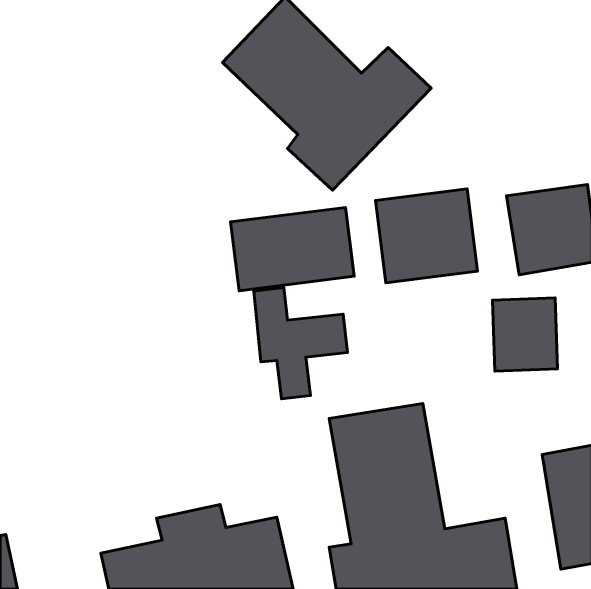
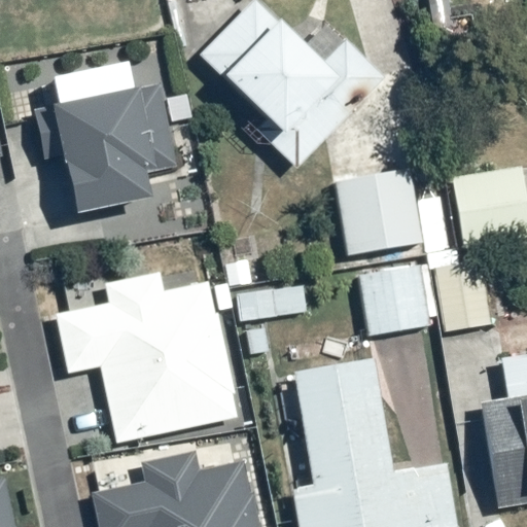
building: none -> [33,65,177,214]
building: [230,207,354,291] -> none
building: none -> [358,264,434,345]
building: none -> [55,273,240,446]

